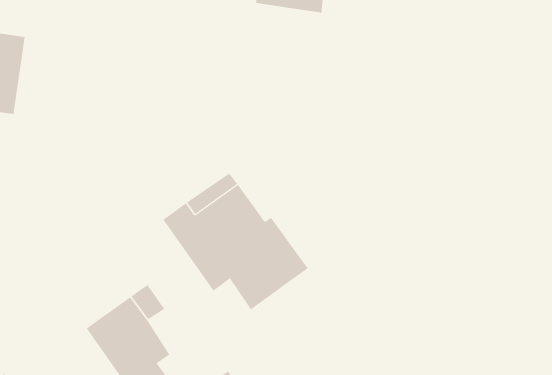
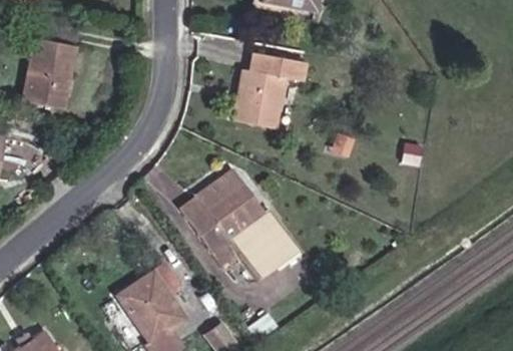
building: none -> [234,57,305,133]

